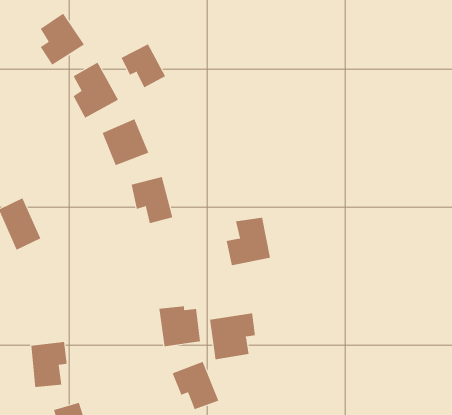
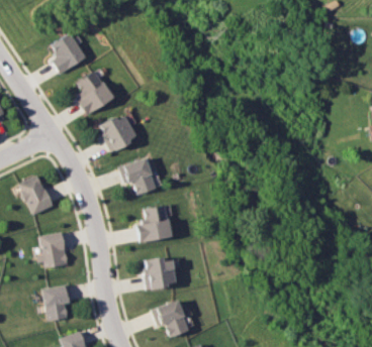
building: [121,44,166,88] -> none
building: [226,217,271,266] -> [136,205,171,242]
building: none -> [39,231,69,268]
building: [210,312,256,360] -> none

